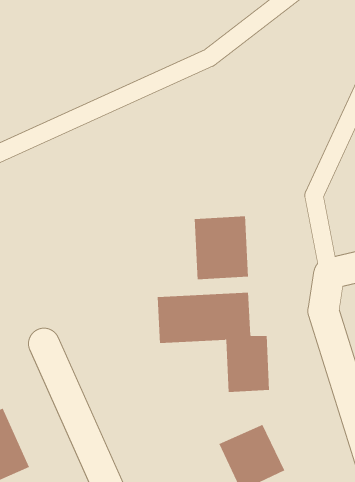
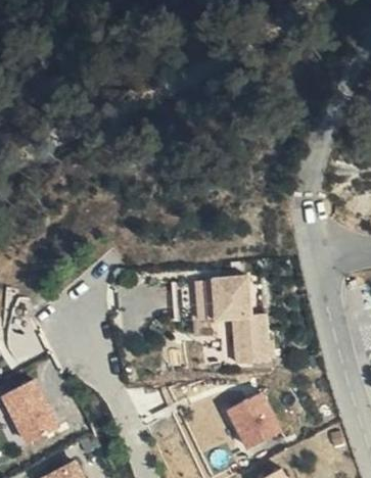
building: [194,216,249,280] -> none

